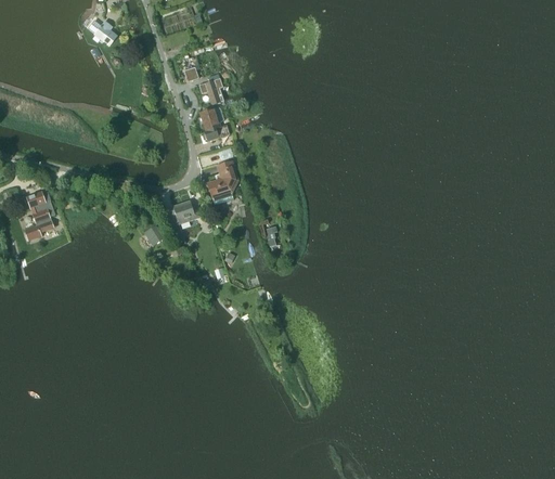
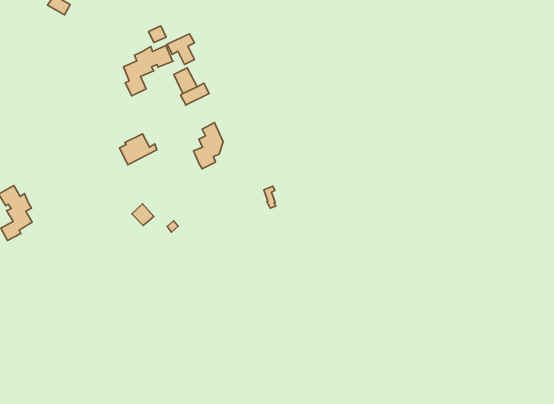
building: none -> [124,46,173,96]
building: [167,199,201,225] -> [119,134,157,165]

